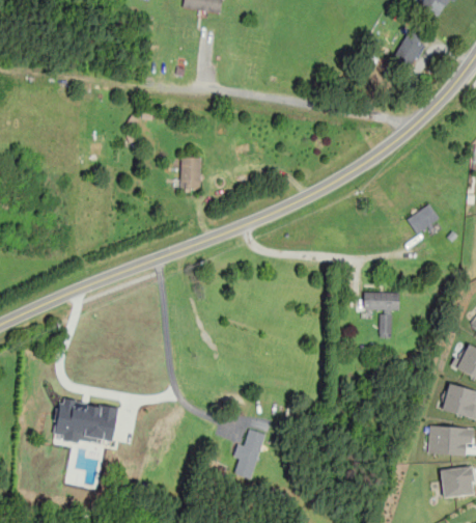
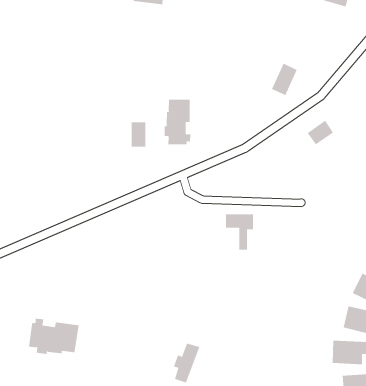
building: [393,30,425,71] -> [271,63,297,96]
building: none -> [164,99,191,145]
building: [407,202,440,233] -> [307,120,334,145]
building: [364,292,399,336] -> [225,214,254,250]

